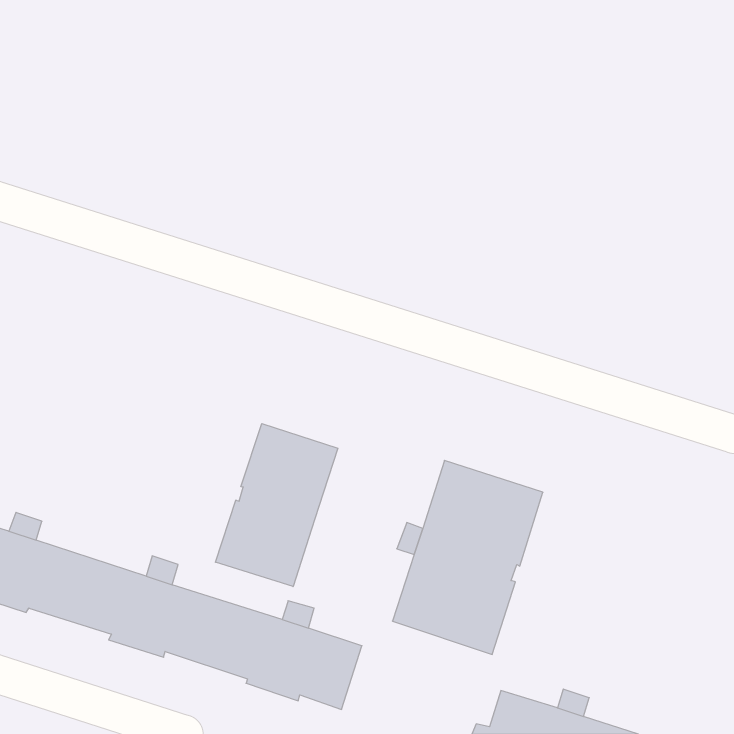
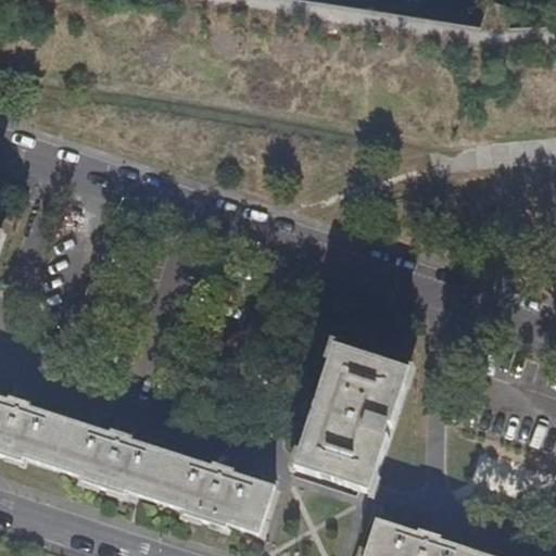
building: [215,424,338,587] -> none

